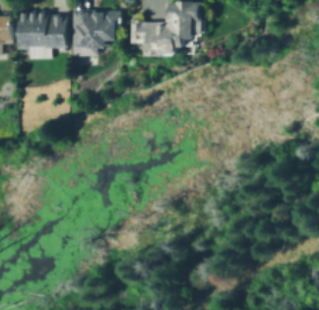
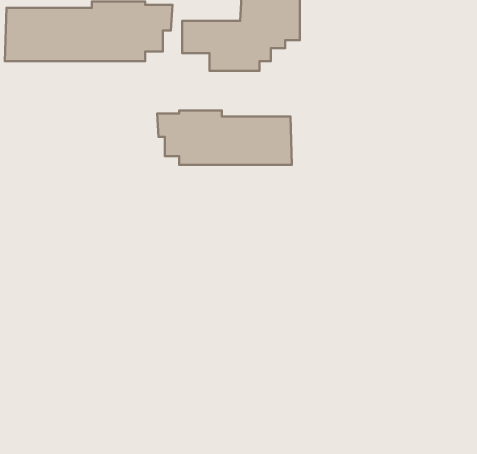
building: none -> [157,111,292,165]

